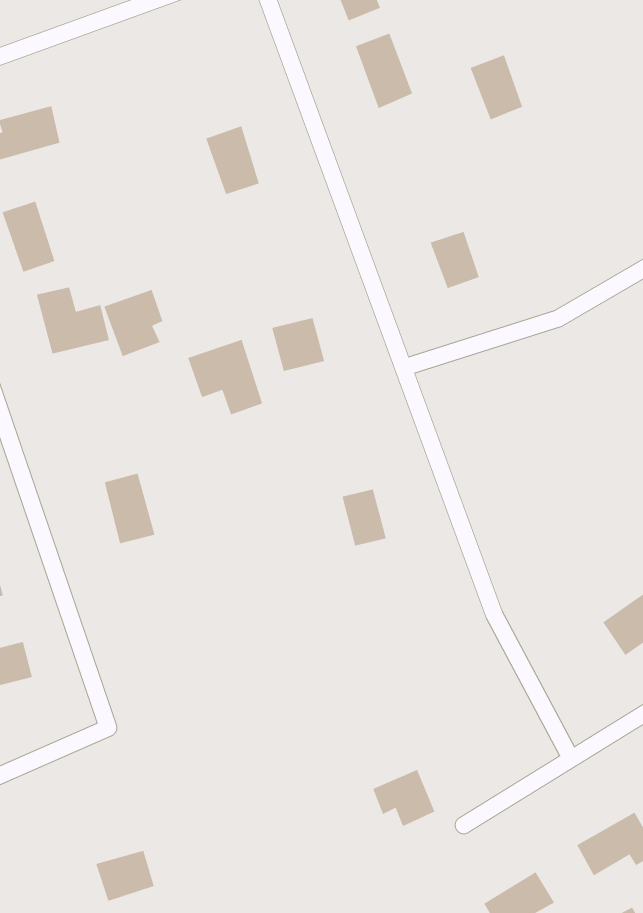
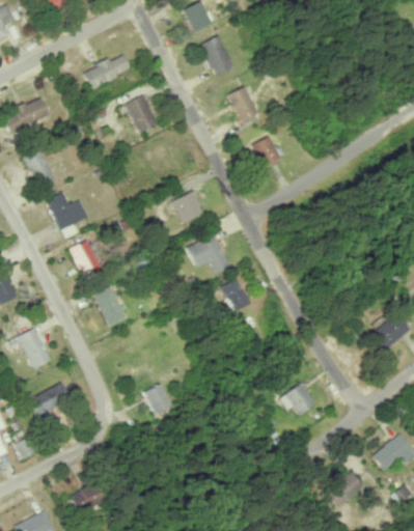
building: none -> [83,55,130,88]
building: [470,54,523,121] -> [226,86,257,122]
building: [103,289,164,357] -> [70,236,103,275]
building: [187,339,263,415] -> [188,233,231,275]
building: none -> [145,384,170,413]
building: [372,769,436,827] -> [277,383,312,415]
building: [95,850,155,902] -> [70,484,103,514]

